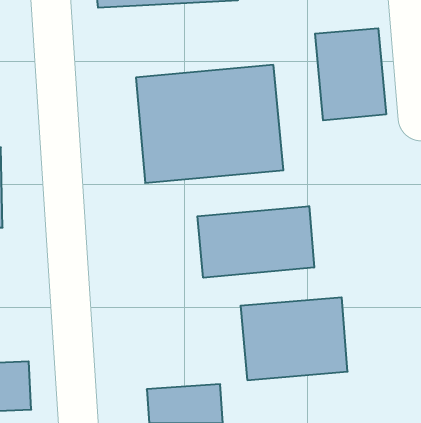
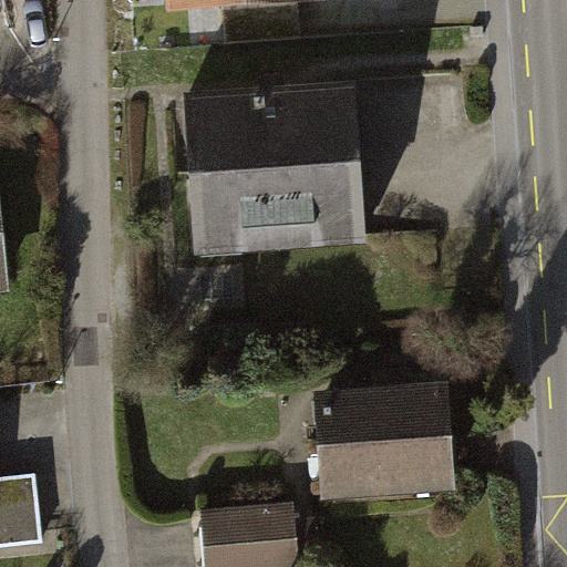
building: [315,28,386,120] -> none
building: [197,206,314,278] -> none

